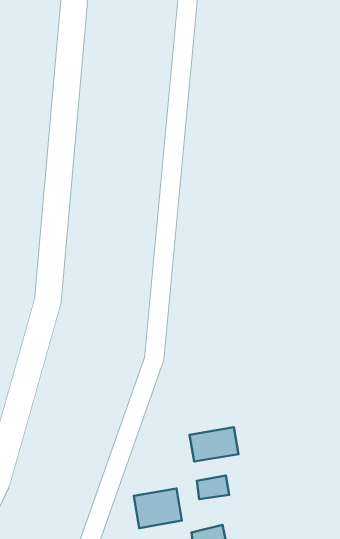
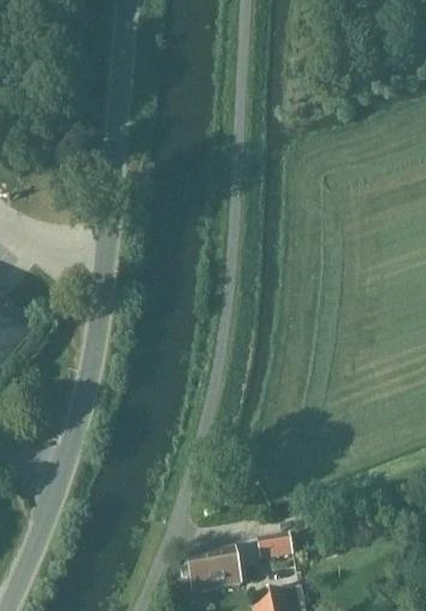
building: [190,427,238,461] -> none

